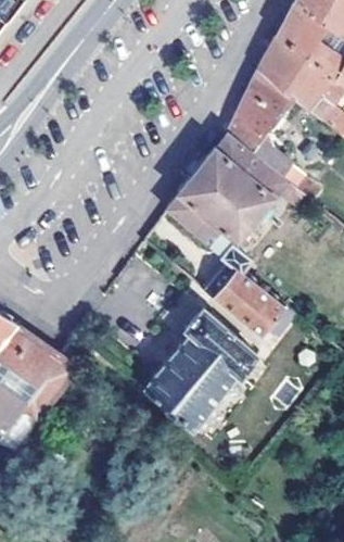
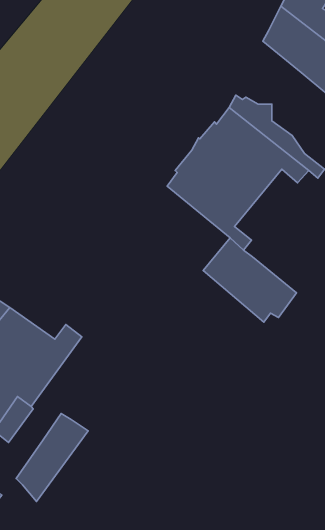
building: [233,67,296,128] -> none
building: [144,307,256,429] -> none
building: none -> [16,414,88,501]

